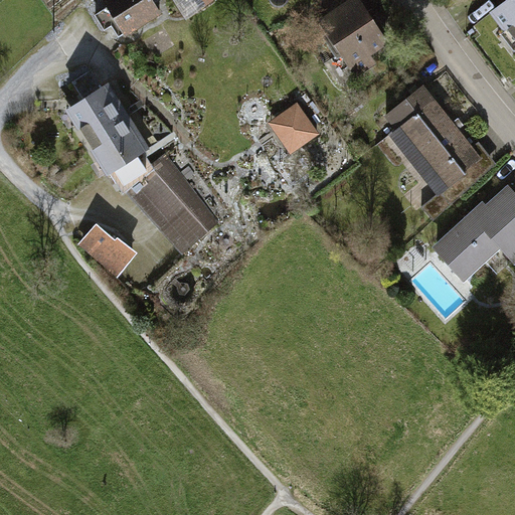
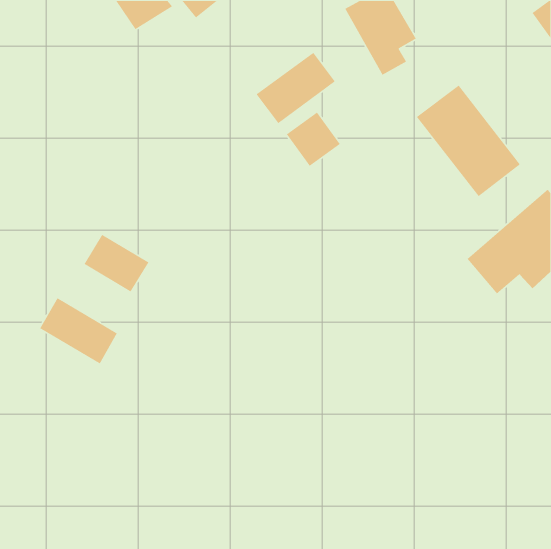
building: none -> [256,52,336,124]
building: [62,78,221,264] -> none
building: none -> [39,297,118,365]

